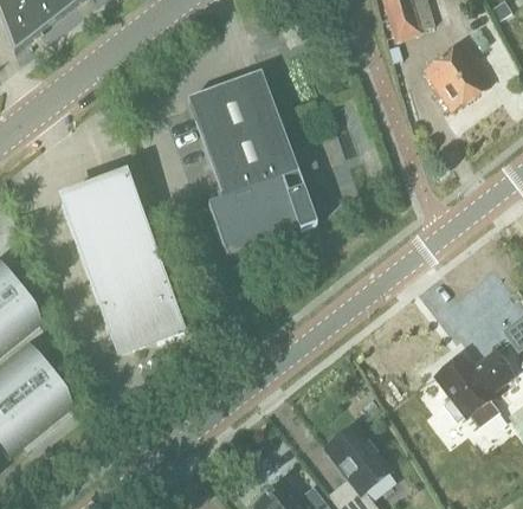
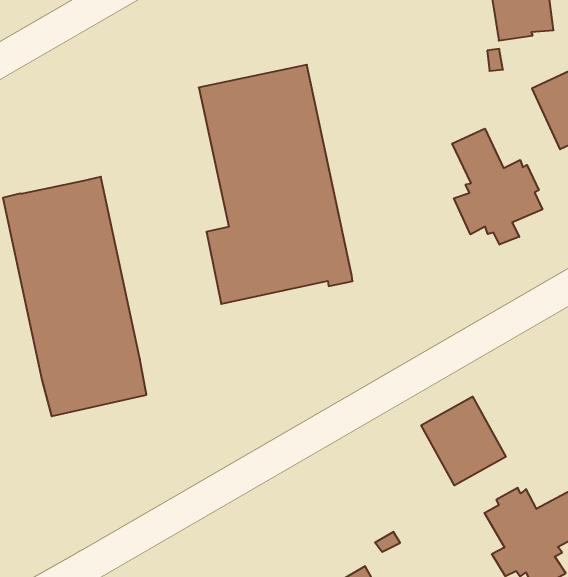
building: none -> [452,129,542,245]
building: none -> [421,397,506,485]

